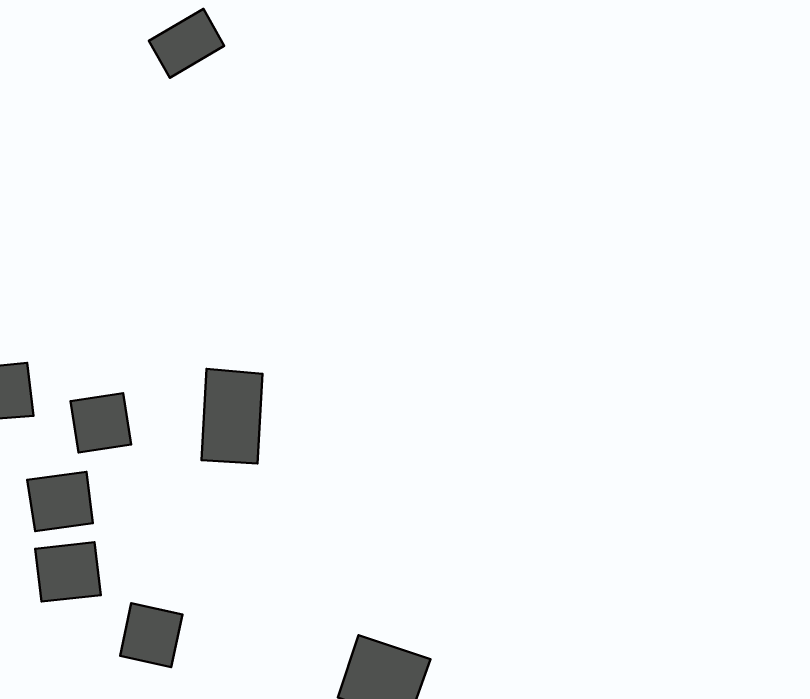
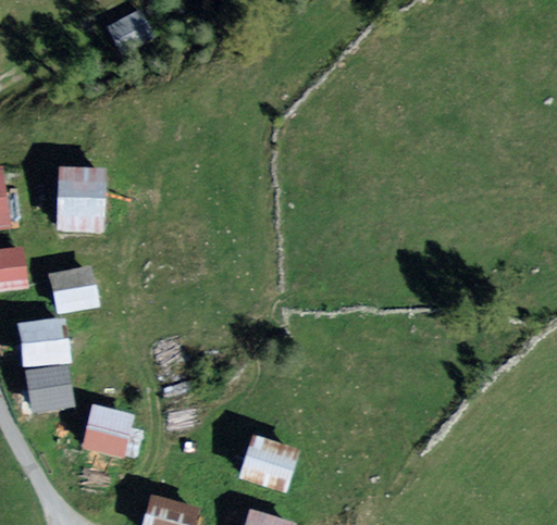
building: [202,369,262,463] -> [62,170,103,234]

